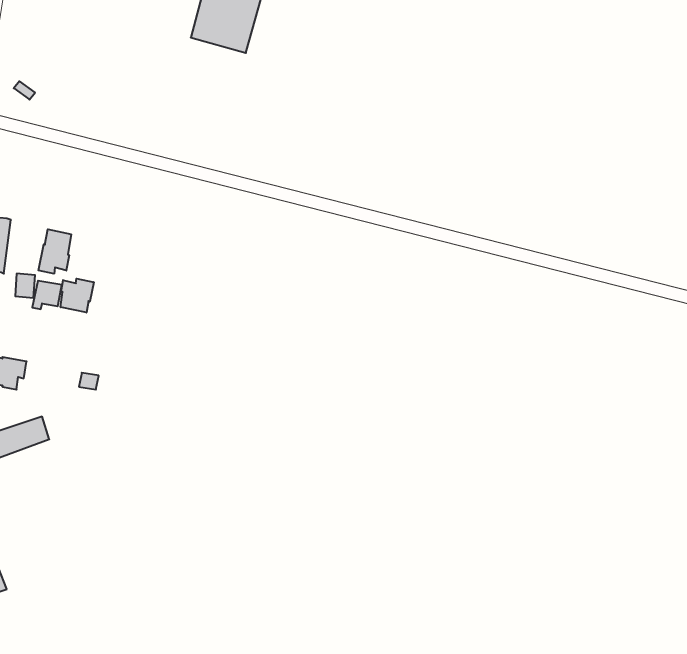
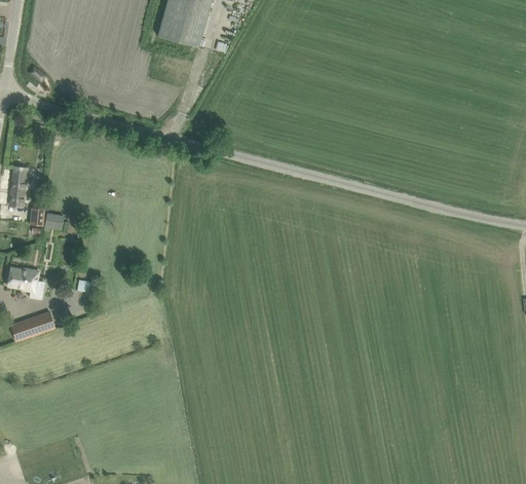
building: [38,229,71,274] -> none
building: [61,279,94,313] -> none

